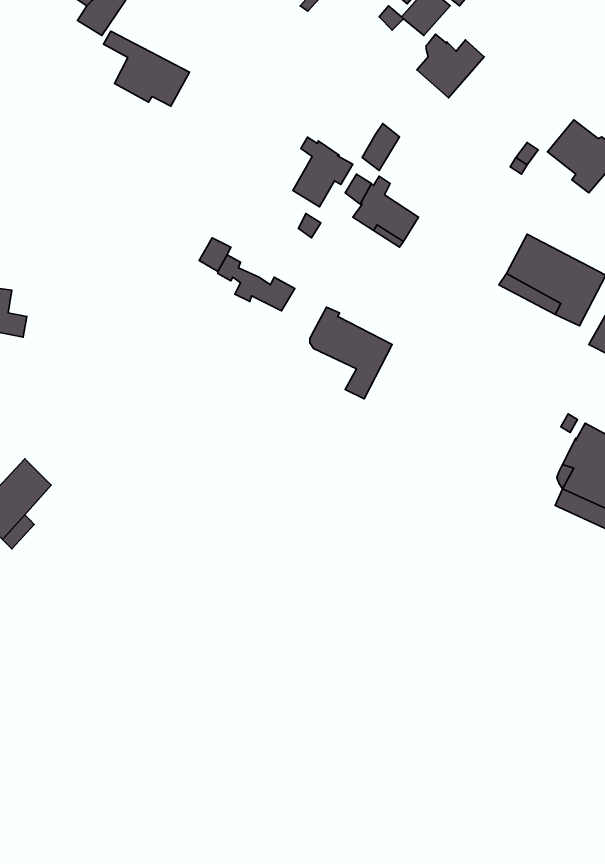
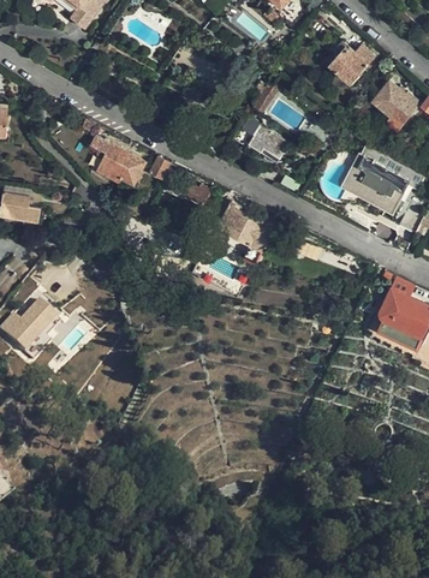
building: [103,31,190,106] -> [89,136,144,184]
building: [417,34,484,98] -> [329,42,373,83]
building: [293,137,353,207] -> none

